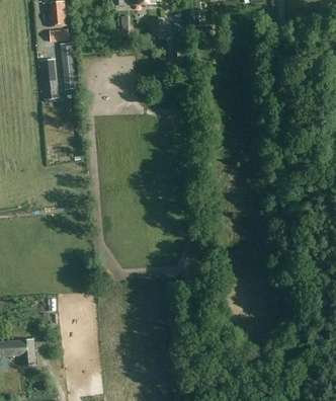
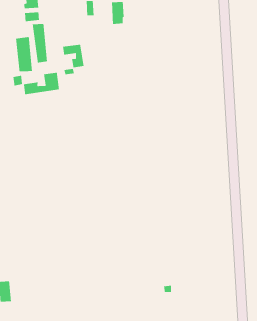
building: none -> [62,44,84,75]
building: none -> [12,72,60,95]

